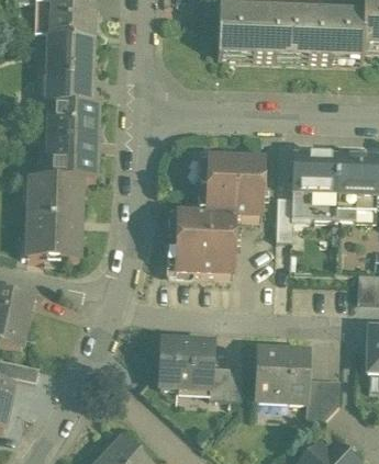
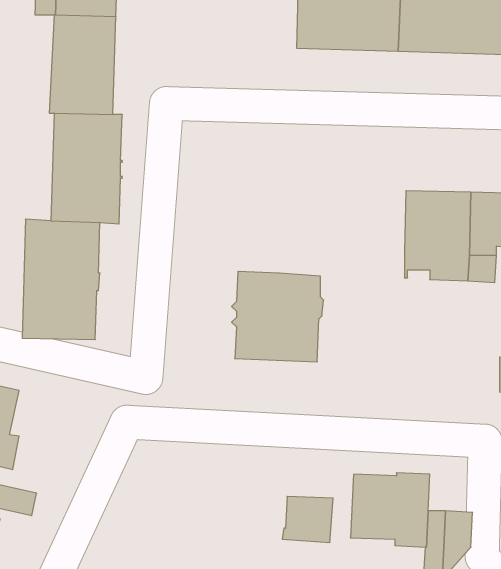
building: [203,156,264,215] -> none
building: [276,196,294,240] -> none
building: [159,340,212,388] -> none

